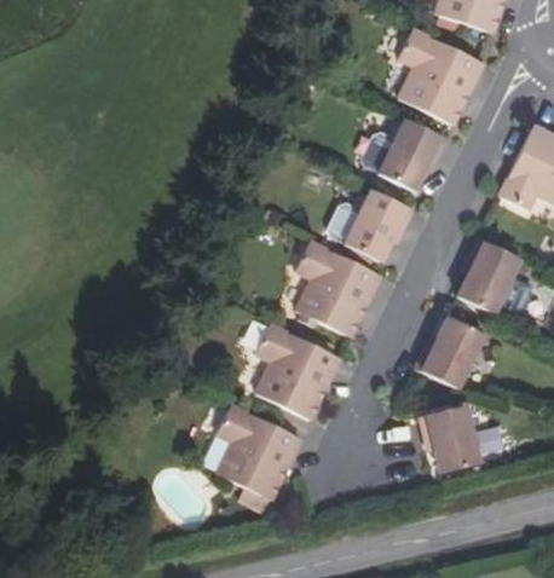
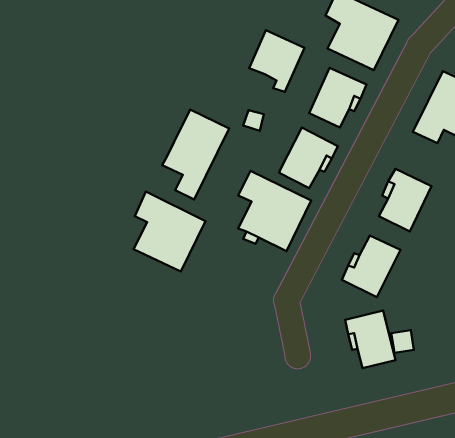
building: none -> [249,30,305,92]
building: none -> [162,109,229,199]
building: [254,324,339,418] -> [134,191,206,272]
building: [215,404,300,498] -> none

